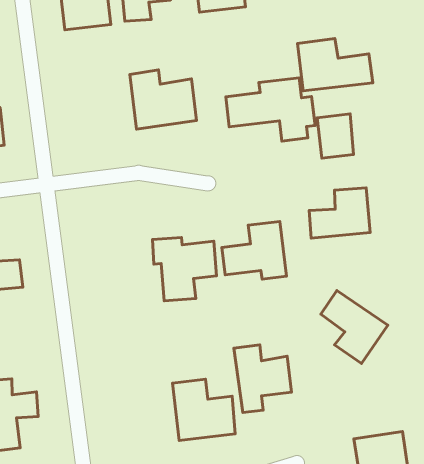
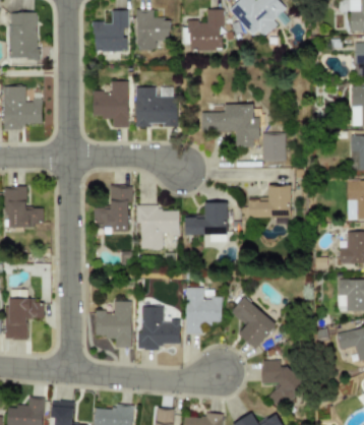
building: [297,38,373,91] -> none
building: none -> [93,80,129,127]
building: none -> [95,186,133,232]
building: [321,290,388,363] -> [231,296,277,349]
building: none -> [95,301,131,347]

